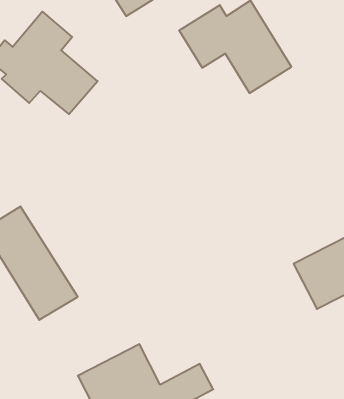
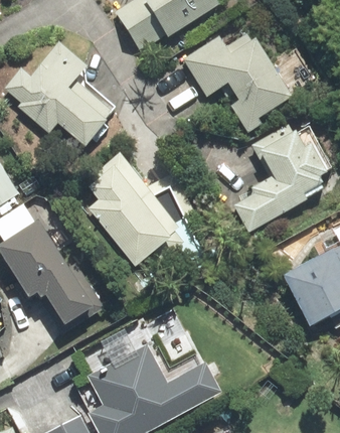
building: none -> [248,126,327,222]
building: none -> [76,156,176,261]

